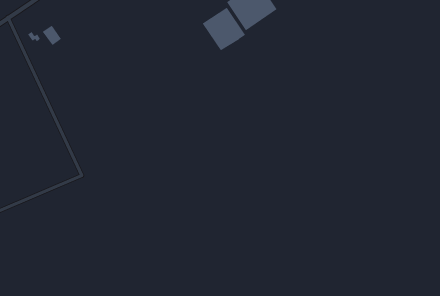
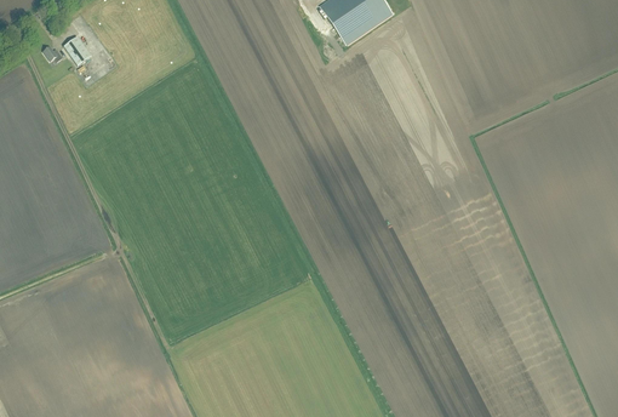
building: [202,7,246,51] -> none

